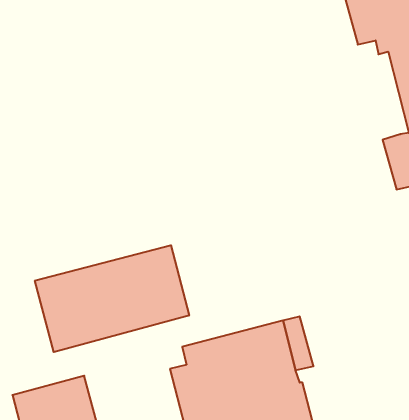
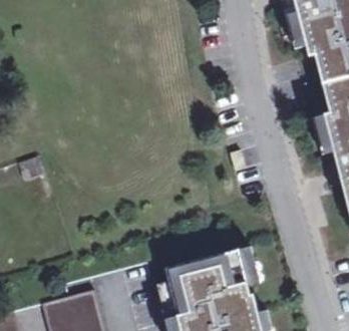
building: [35,245,189,352] -> none

